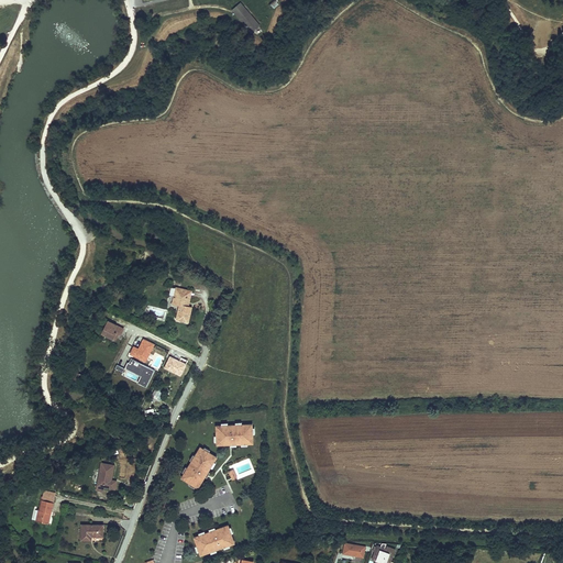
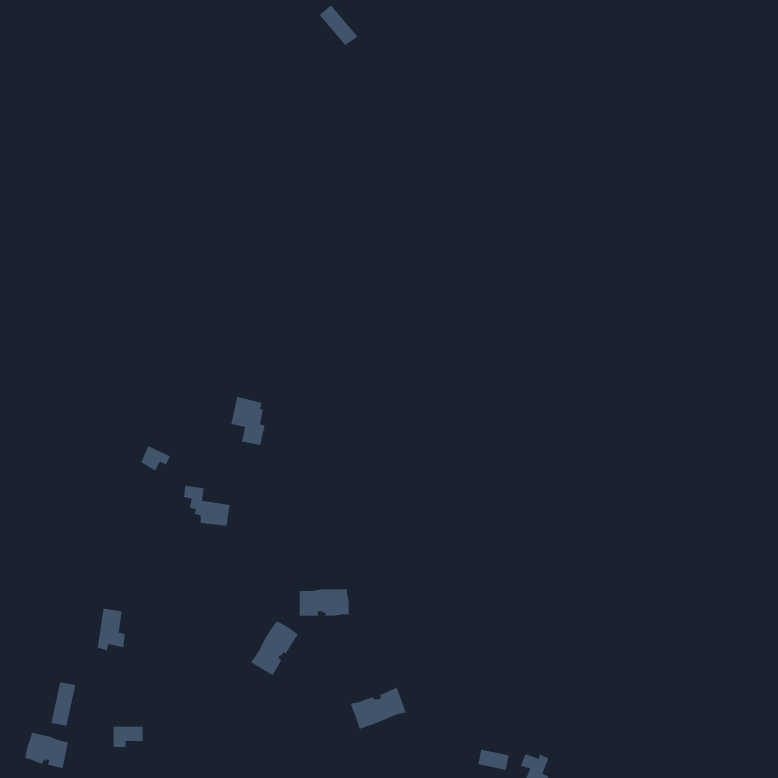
building: [95,463,115,494] -> [97,608,126,651]
building: [192,526,233,556] -> [350,687,406,730]
building: none -> [24,732,69,769]

